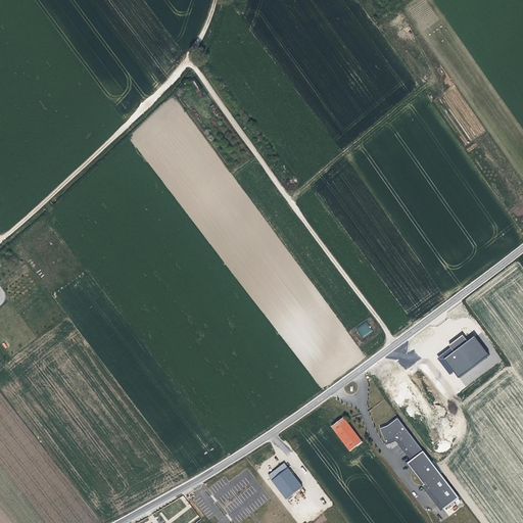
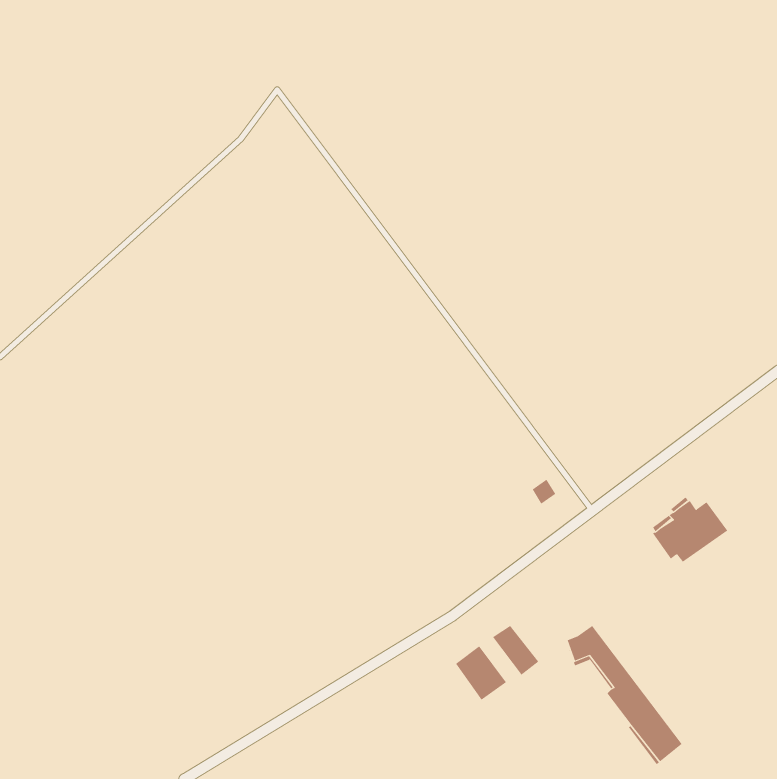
building: [269,463,303,500] -> [455,645,507,700]

